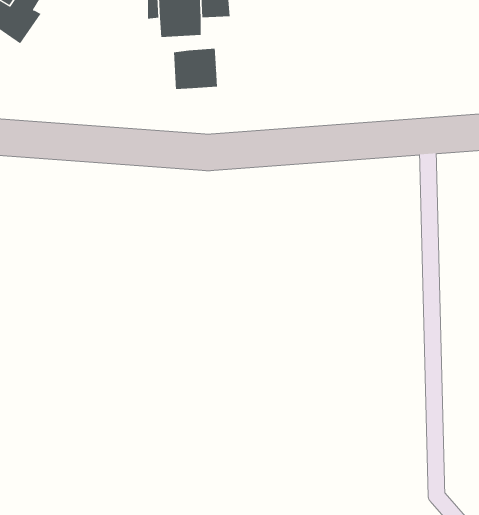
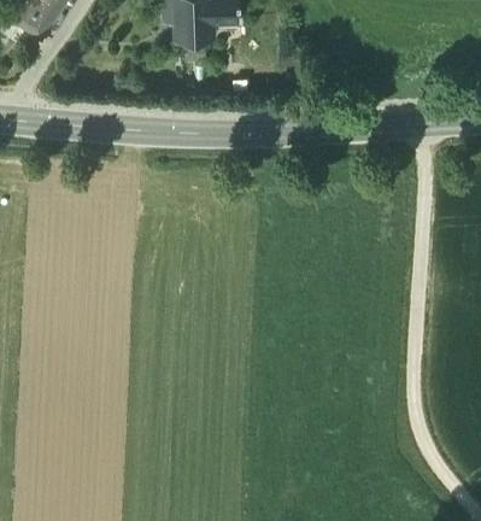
building: [173,48,217,90] -> none

